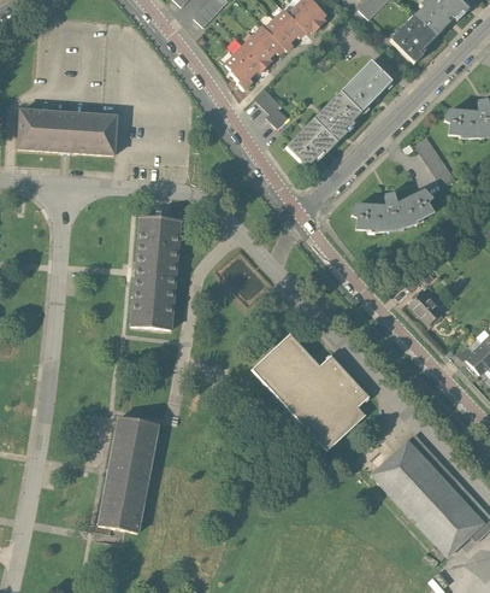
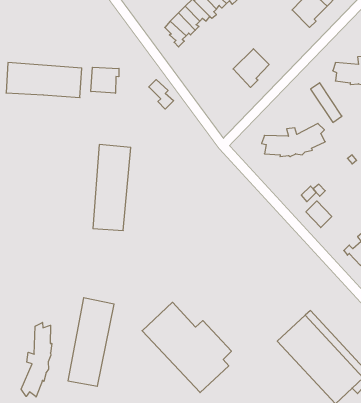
building: [341,59,392,111] -> none
building: [255,88,288,127] -> [149,80,174,109]
building: none -> [91,67,119,93]
building: [287,117,337,166] -> none
building: [252,333,368,451] -> [142,302,231,393]
building: none -> [21,322,52,397]

